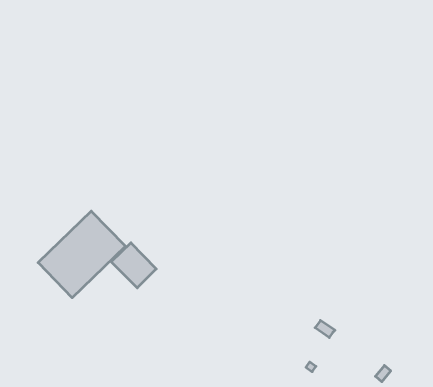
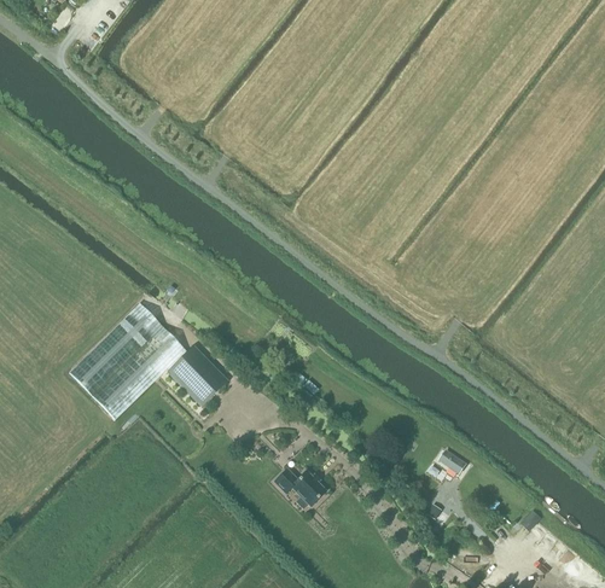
building: none -> [274,470,326,510]

